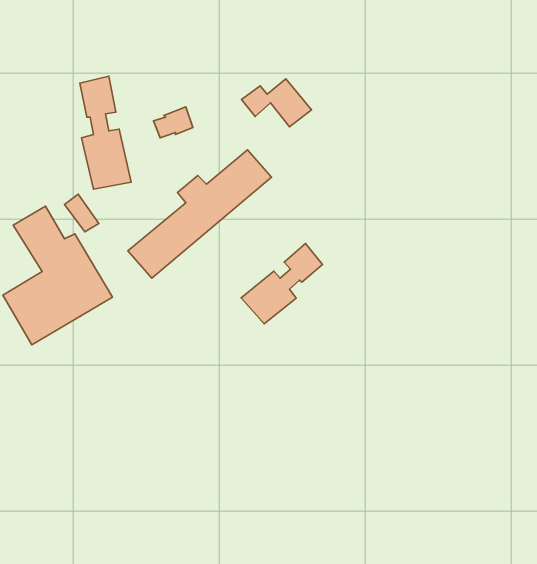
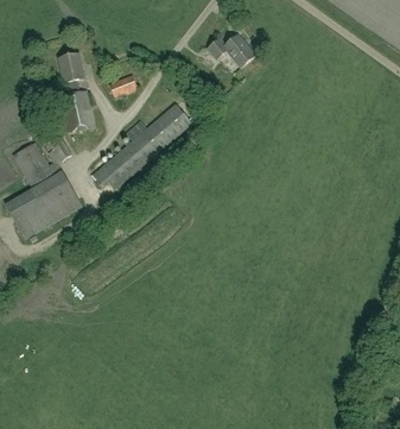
building: [241,79,312,127] -> [207,34,255,68]
building: [241,243,322,324] -> none

